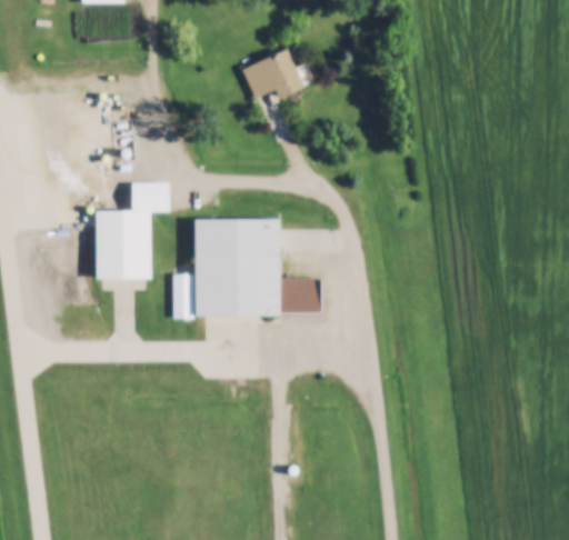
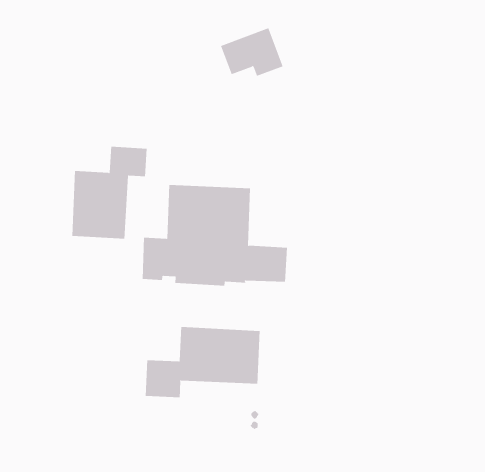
building: none -> [145,326,260,398]

